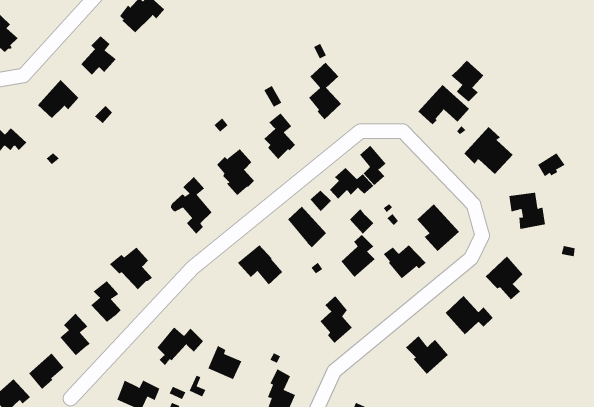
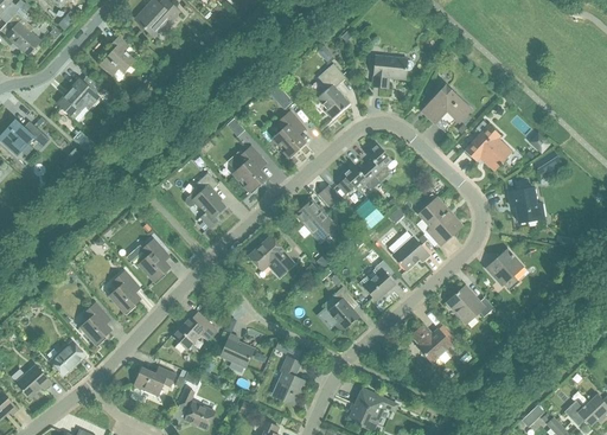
building: none -> [372,56,413,88]
building: [451,60,484,102] -> none
building: [341,234,375,278] -> [363,260,396,301]

